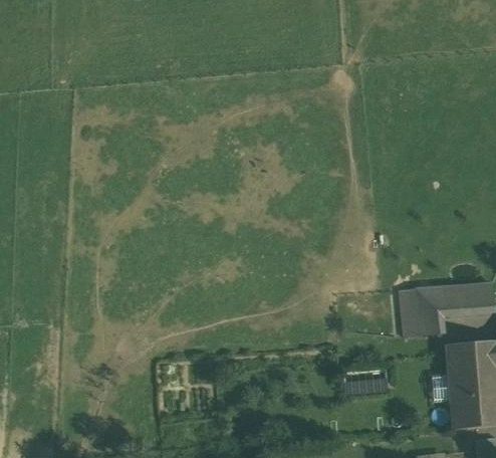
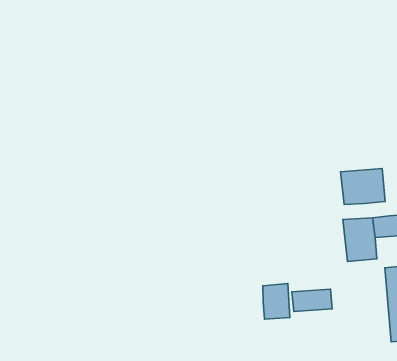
building: none -> [340,169,385,204]
building: none -> [263,283,290,319]

